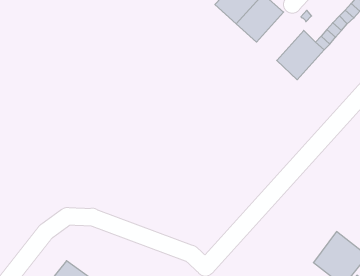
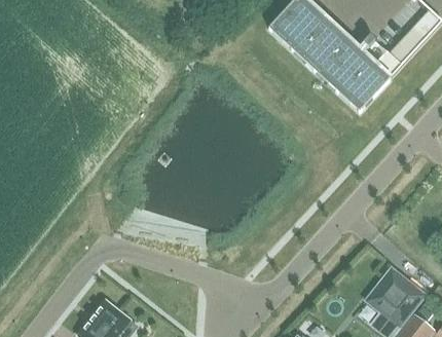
building: none -> [309,35,360,86]

